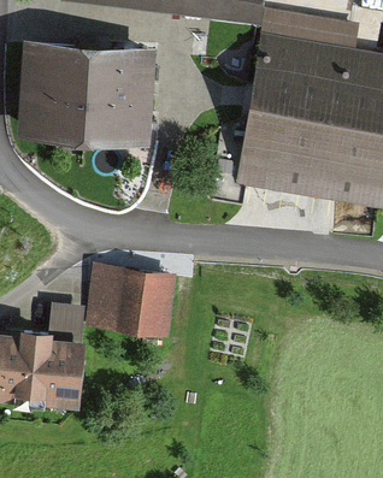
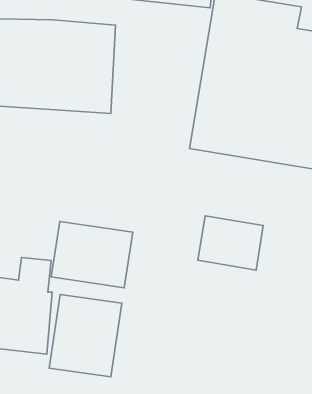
building: none -> [198,216,263,270]
building: none -> [49,294,122,377]

